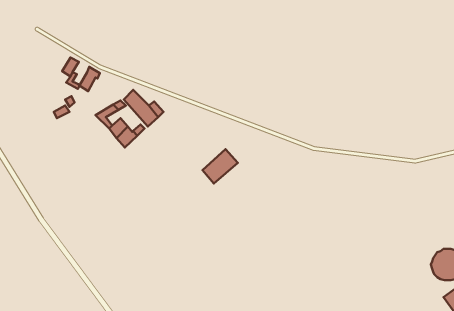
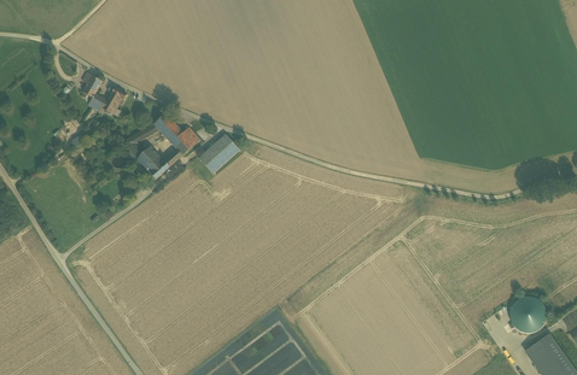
building: [202,149,238,184] -> [198,133,239,172]

